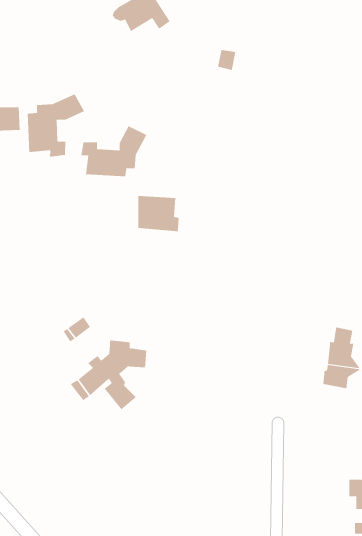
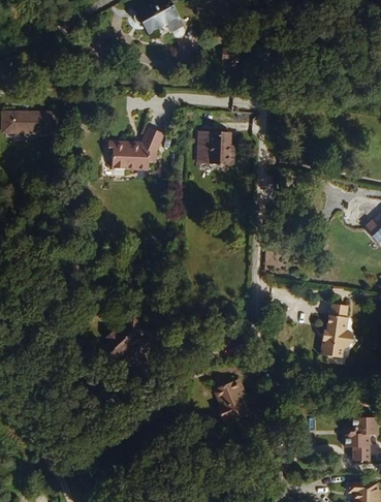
building: [27,93,85,158] -> none
building: [137,195,180,232] -> [196,133,233,165]
building: none -> [214,377,251,418]

